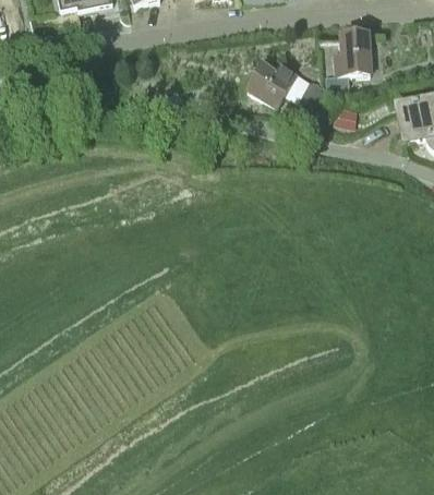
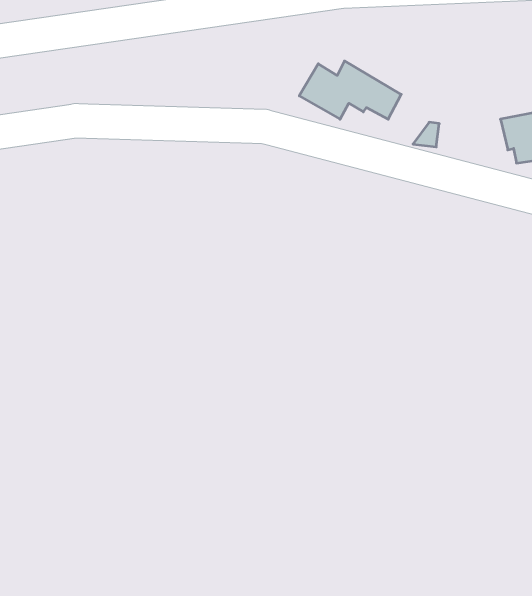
building: [325,35,370,86] -> none

